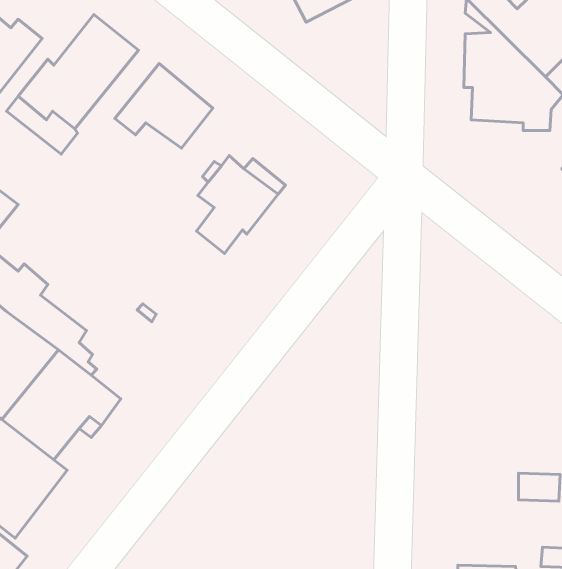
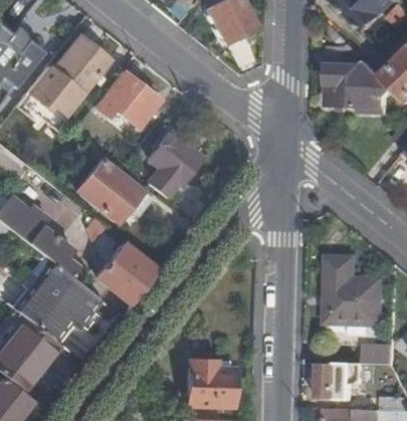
building: none -> [78,160,143,223]
building: none -> [98,242,159,305]
building: none -> [327,256,383,325]
building: none -> [189,361,235,406]
building: none -> [321,365,362,399]

